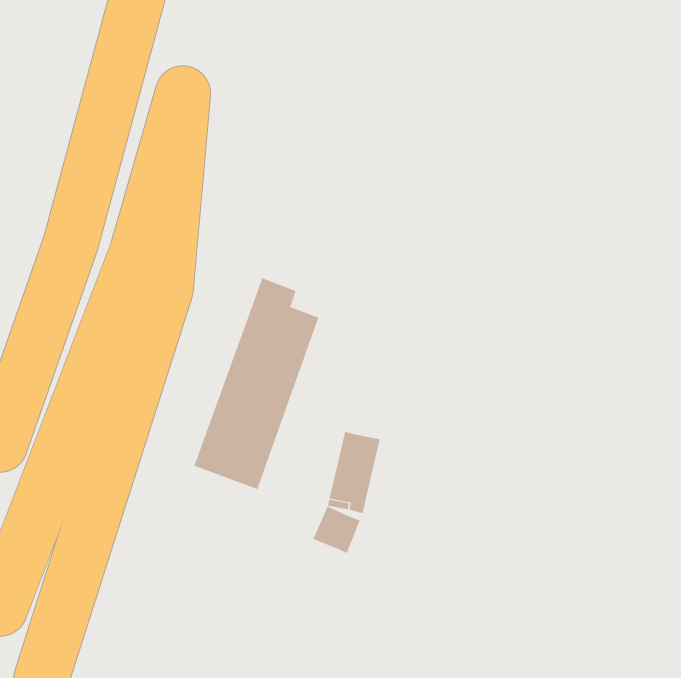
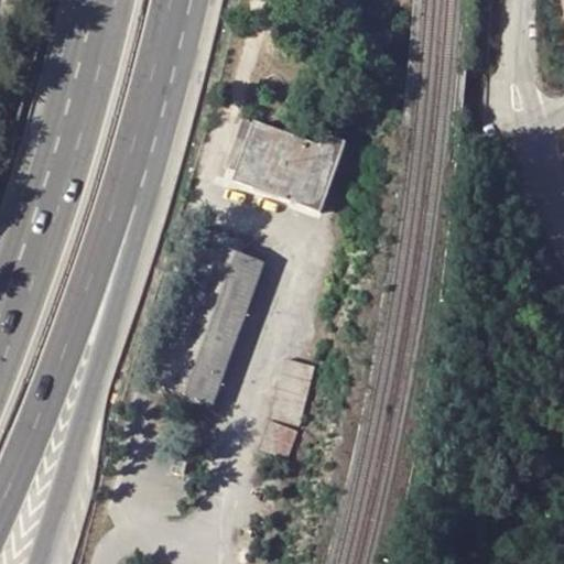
building: none -> [228,126,344,212]

